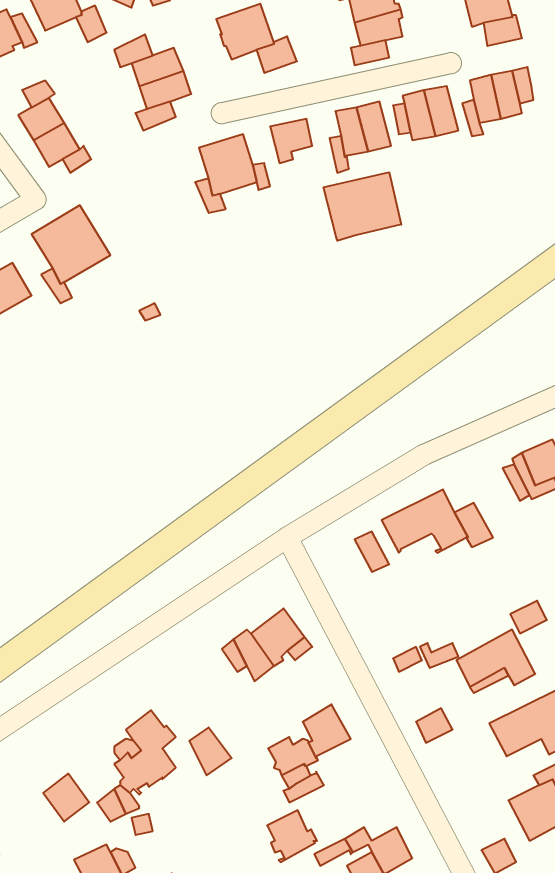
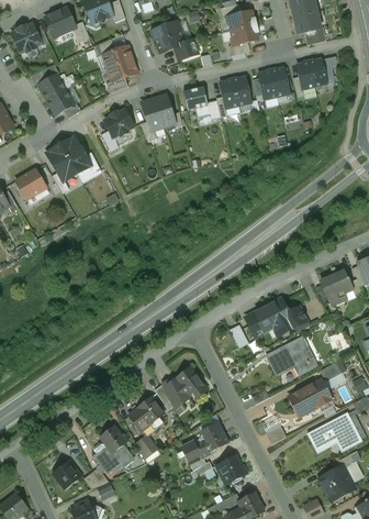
building: none -> [103,108,135,137]
building: [324,172,401,241] -> none
building: none -> [267,338,317,372]
building: none -> [128,396,164,430]
building: [267,810,317,862] -> [217,454,246,484]

